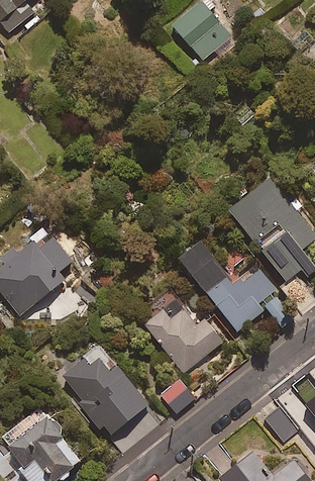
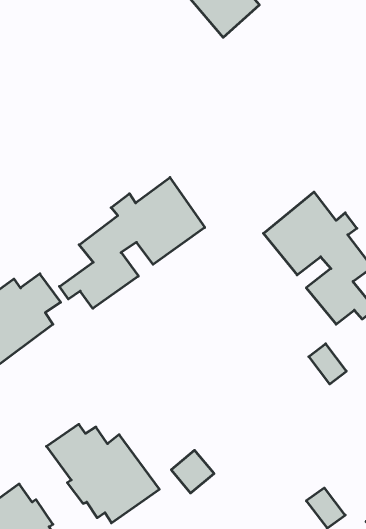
building: none -> [59,177,205,308]
building: [182,244,275,330] -> none
building: [145,300,222,372] -> none

